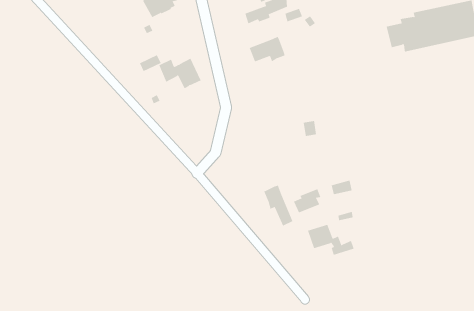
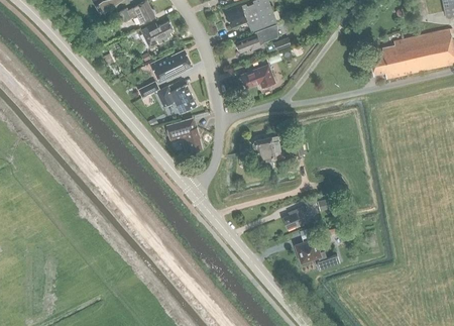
building: none -> [150,50,192,82]
building: none -> [166,118,201,152]
building: none -> [252,136,280,161]
building: [263,185,293,226] -> none

